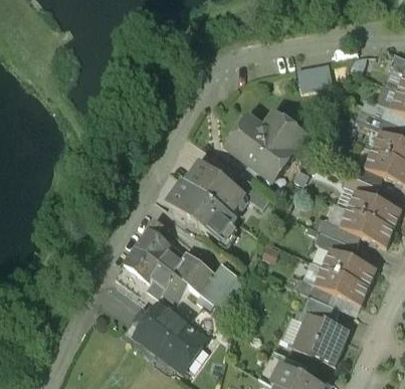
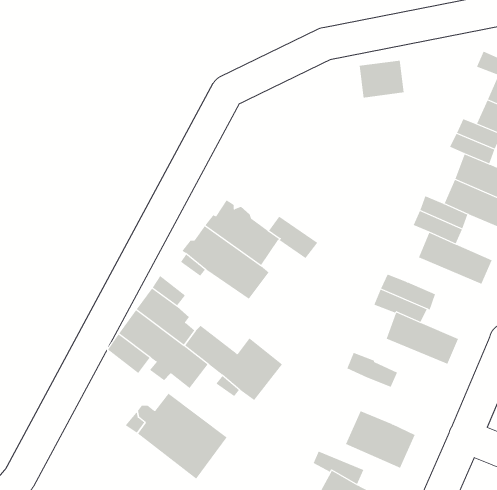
building: [229,116,301,178] -> none
building: [338,206,393,244] -> none
building: [314,266,368,305] -> none
building: [298,296,337,330] -> none

